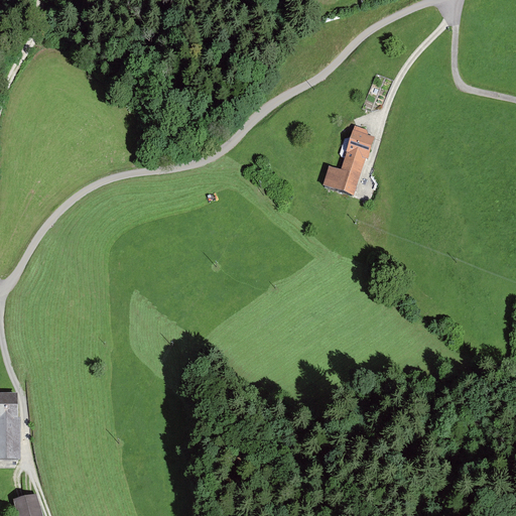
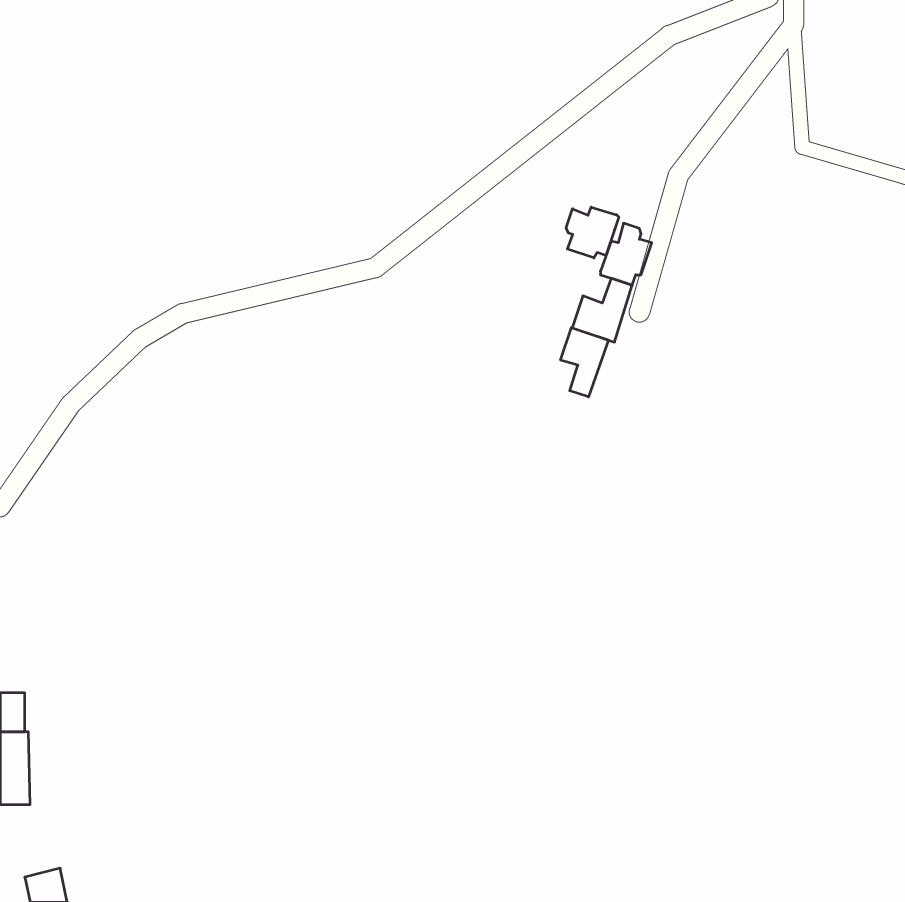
building: none -> [566,207,619,258]
building: none -> [561,328,608,397]

